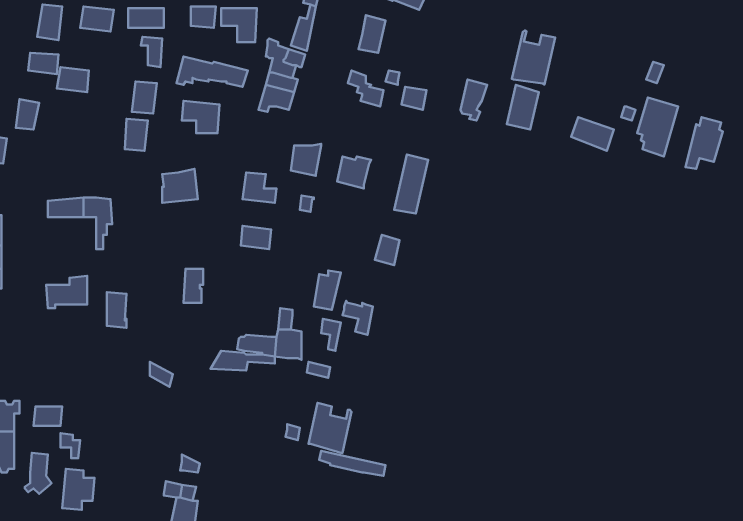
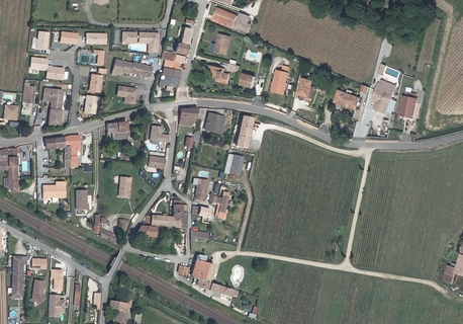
building: [512,31,555,84] -> none
building: none -> [44,87,63,125]

